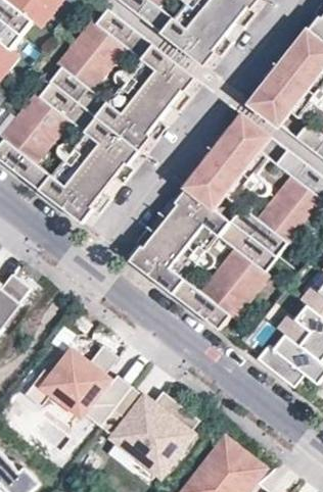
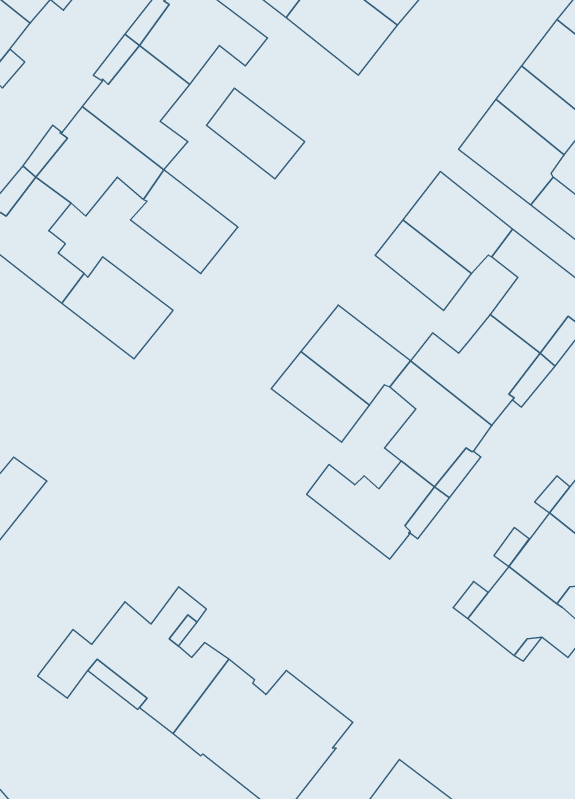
building: [132,43,190,100] -> none
building: [93,91,154,147] -> none
building: [59,143,113,193] -> none
building: [189,162,247,220] -> none
building: [132,236,191,294] -> none

